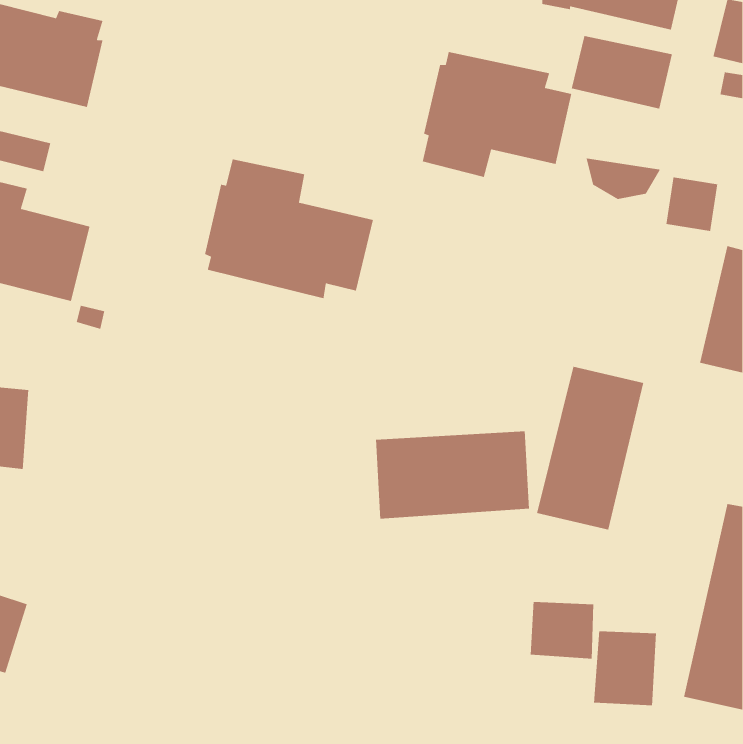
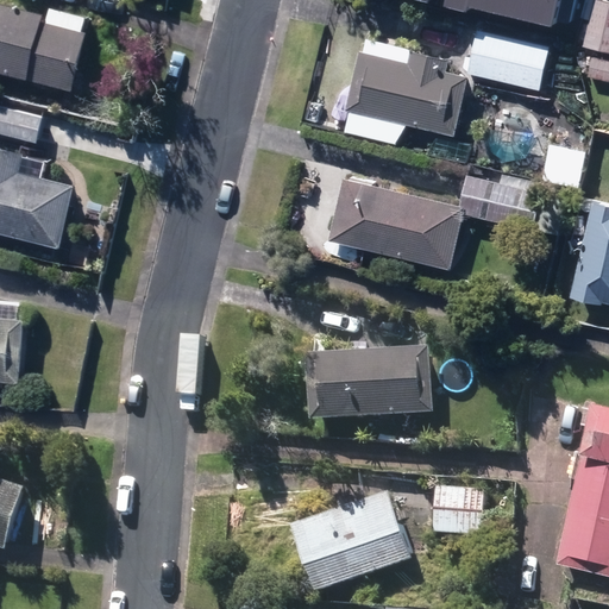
building: [204,158,374,299] -> none
building: none -> [329,176,540,269]
building: [536,366,644,530] -> none
building: none -> [291,495,410,595]
building: [593,630,657,706] -> none

